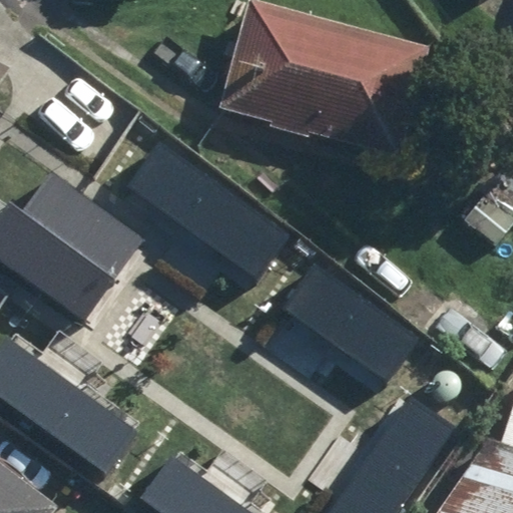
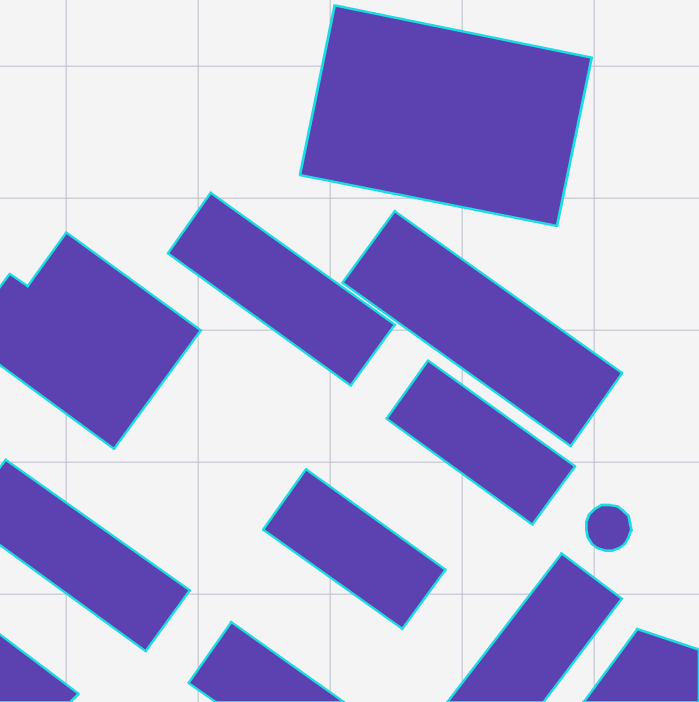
building: none -> [343,211,622,446]
building: none -> [263,469,445,629]

